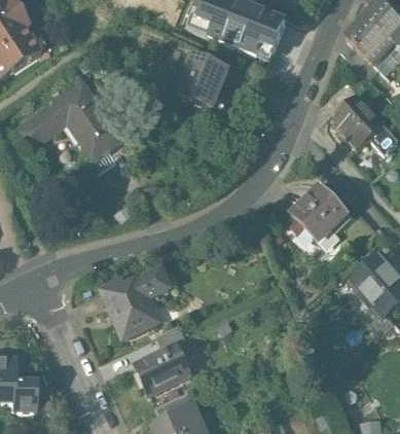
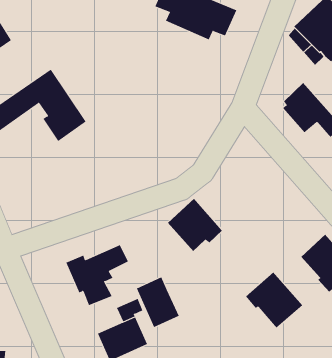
building: [174,48,229,104] -> none
building: [289,182,349,240] -> [167,198,223,252]
building: none -> [245,271,303,328]
building: none -> [136,276,179,328]

